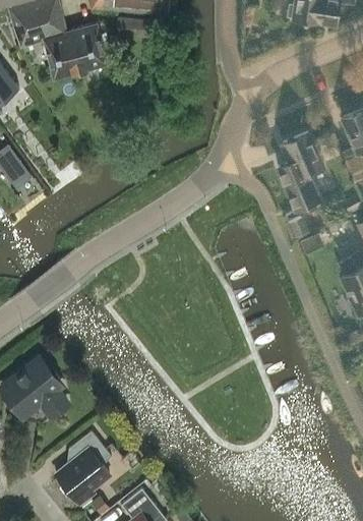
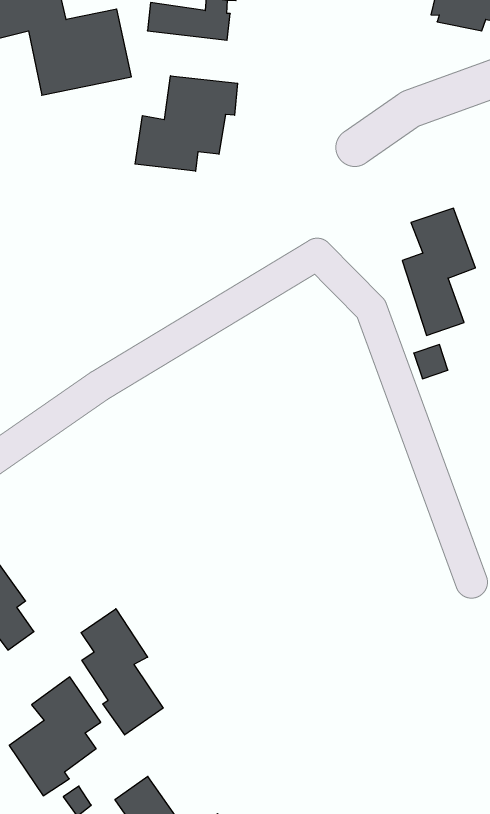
building: none -> [135,76,238,171]
building: none -> [81,609,163,735]

